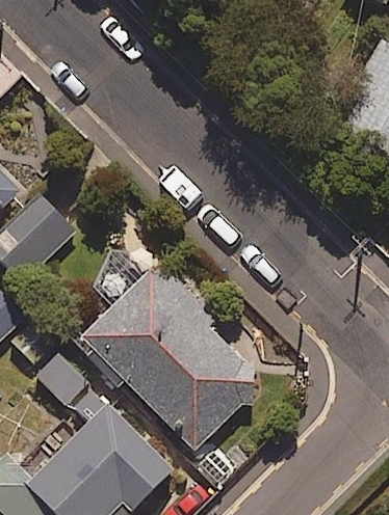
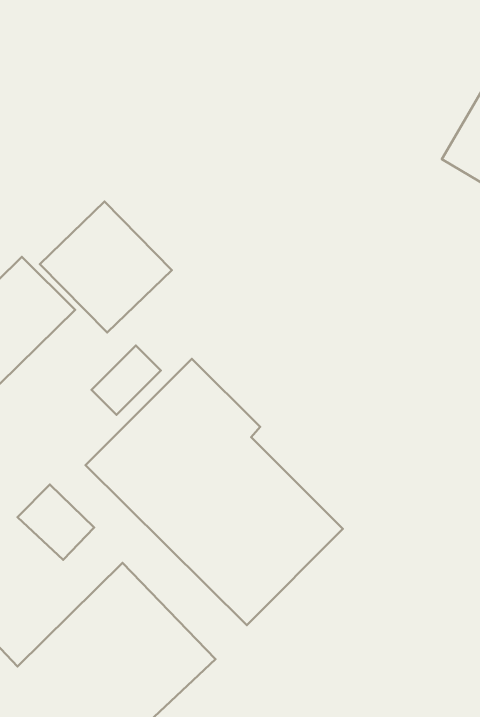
building: none -> [40,202,172,333]

